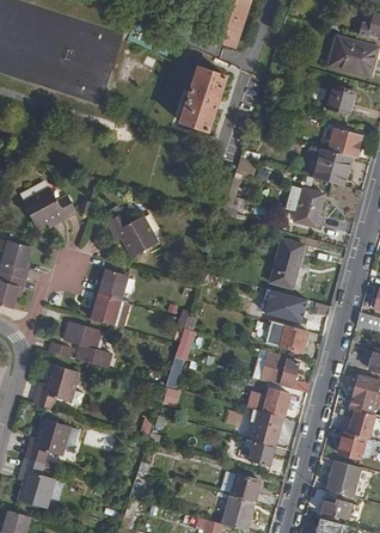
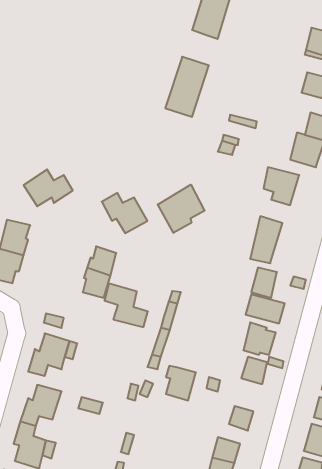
building: none -> [158,185,205,233]
building: [66,321,112,368] -> [104,284,148,327]
building: [250,410,282,447] -> [166,366,196,401]

